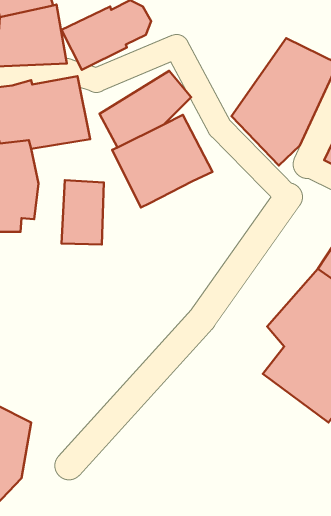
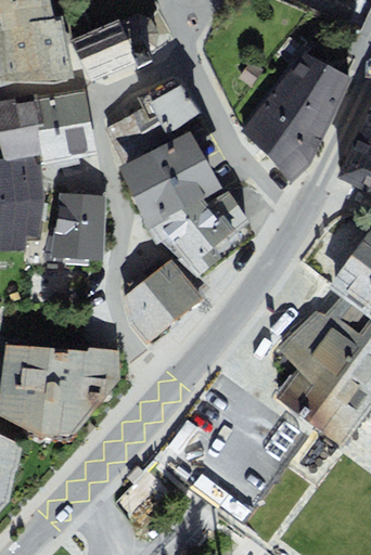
building: none -> [155,194,245,276]
building: none -> [136,264,208,347]
building: none -> [7,348,128,437]

